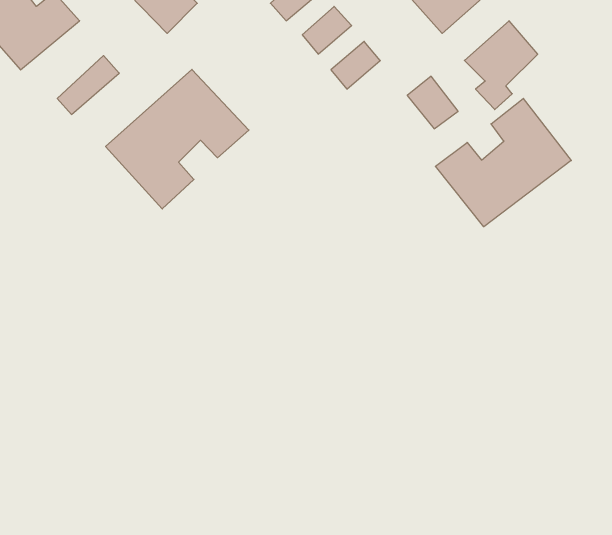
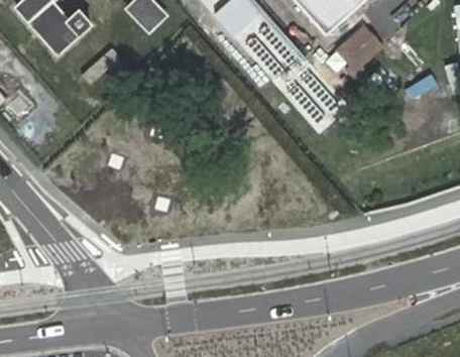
building: [106,69,249,209] -> none
building: [435,98,571,227] -> none

